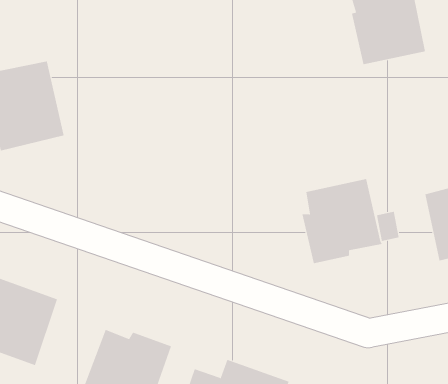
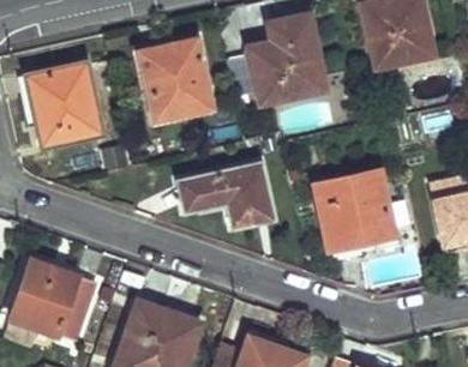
building: none -> [250,14,323,102]
building: none -> [139,44,211,121]
building: none -> [178,163,270,225]

